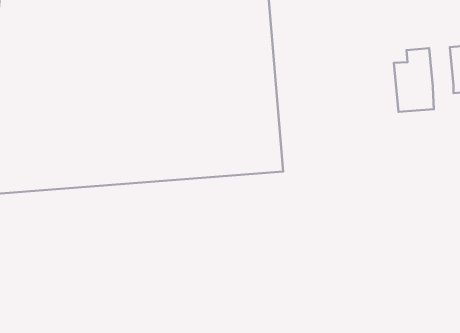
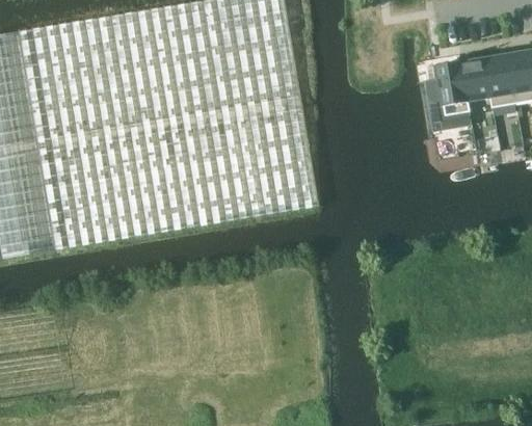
building: none -> [462,59,491,103]

